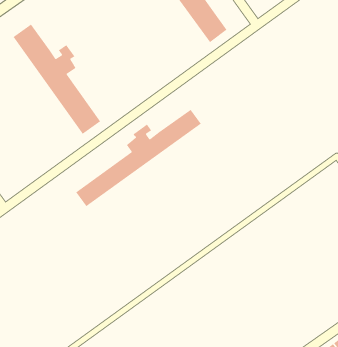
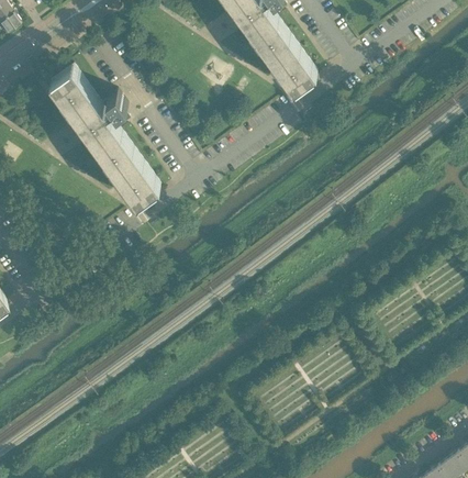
building: [75,109,202,207] -> none

